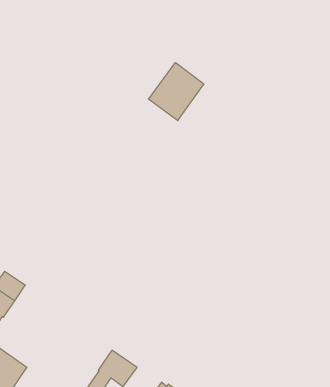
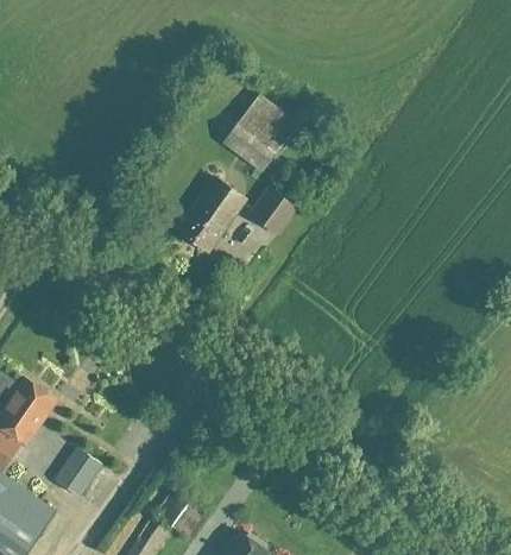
building: none -> [177,176,246,251]
building: none -> [250,188,297,233]
building: none -> [55,448,101,496]

